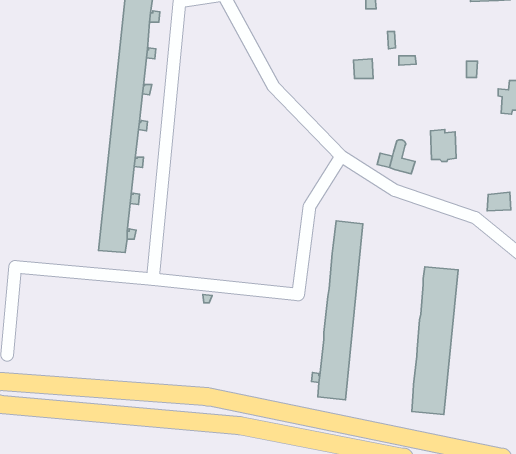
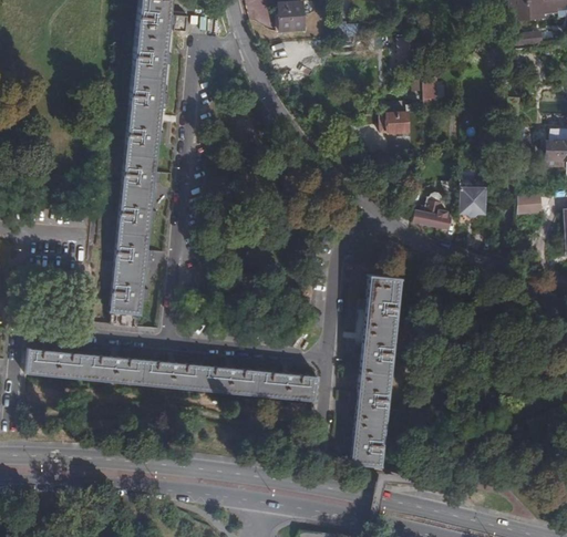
building: [487,192,511,211] -> [519,194,545,214]
building: [412,267,458,414] -> none
building: none -> [23,348,315,404]

